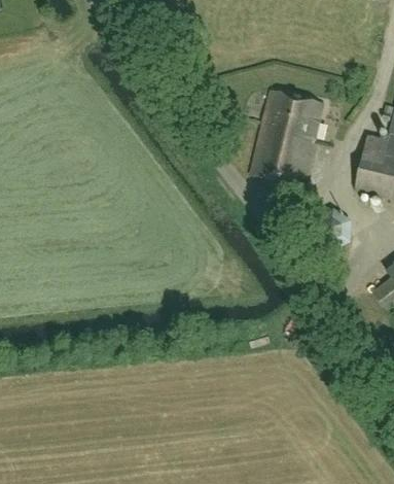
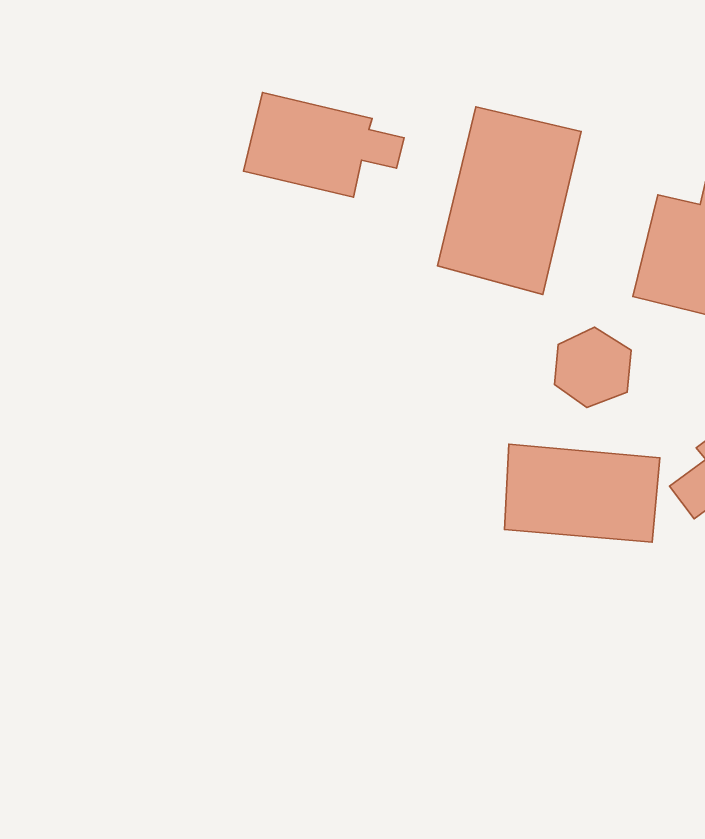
building: none -> [244,93,404,197]
building: none -> [505,444,660,542]

